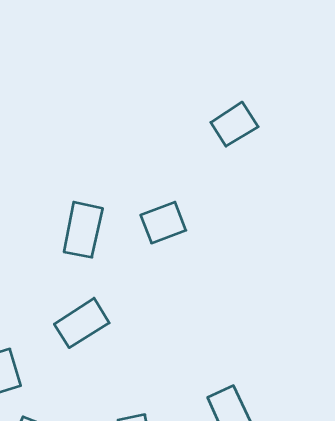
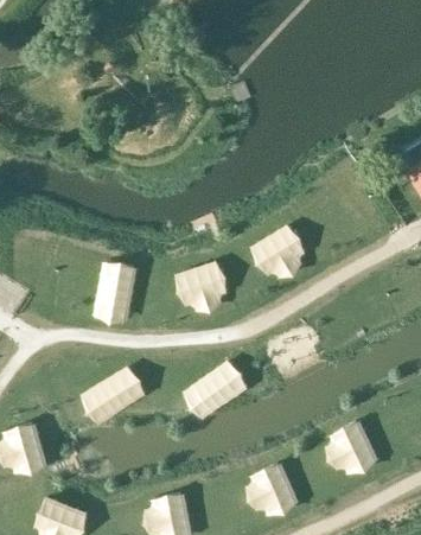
building: [211,102,258,146] -> [254,225,306,274]
building: none -> [189,361,250,419]
building: none -> [332,422,378,473]

